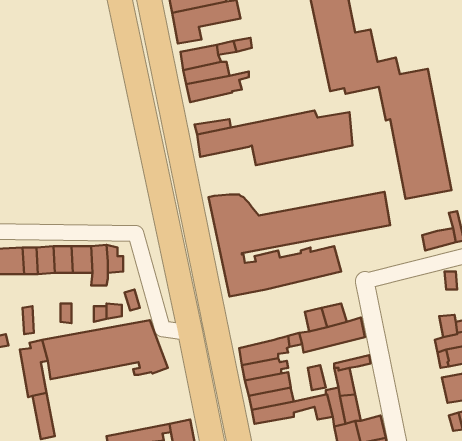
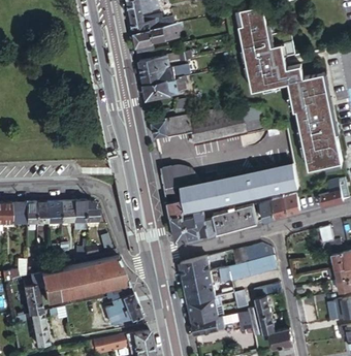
building: none -> [262,189,300,220]
building: none -> [181,256,210,279]
building: none -> [104,293,142,326]

